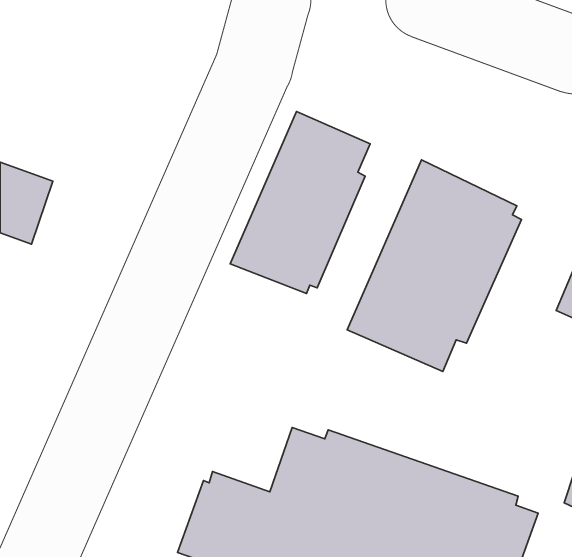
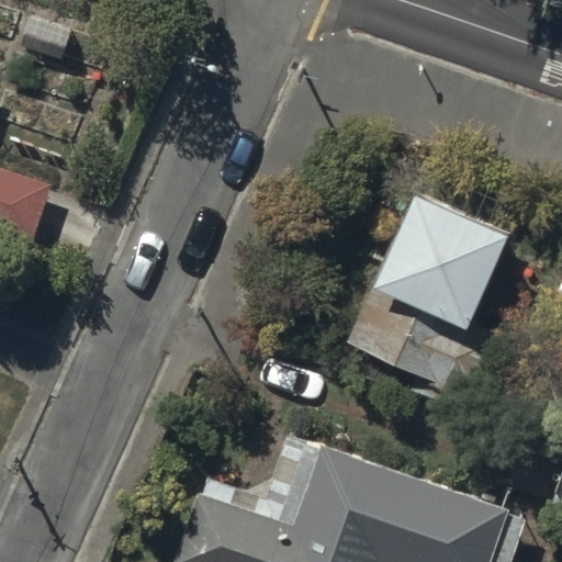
building: [230,112,370,293] -> none

